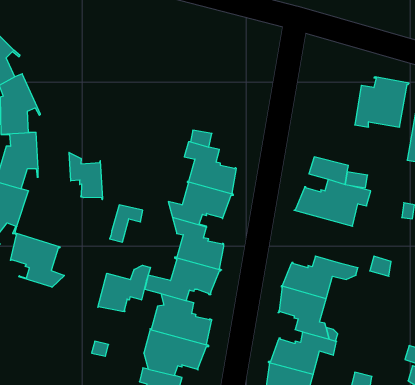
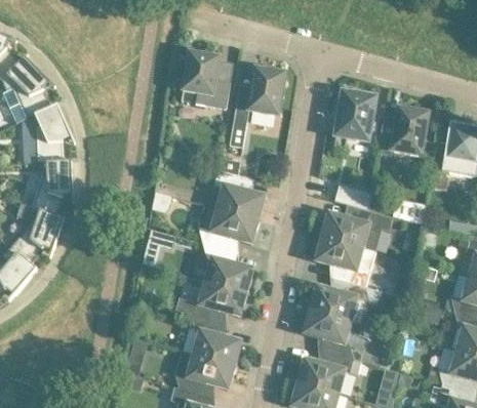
building: none -> [181,51,230,108]
building: none -> [229,66,285,147]
building: none -> [333,89,375,148]
building: [69,152,102,200] -> none
building: none -> [316,235,375,286]
building: [10,233,64,287] -> none
building: [98,265,150,312] -> none

